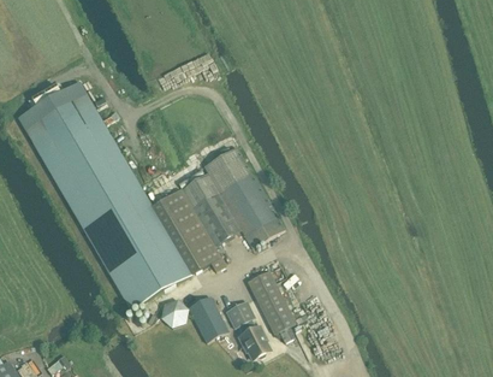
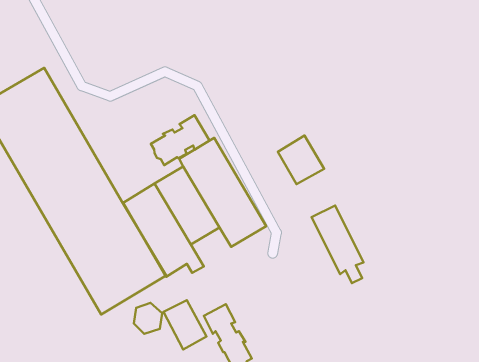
building: none -> [151,115,209,165]
building: none -> [278,136,324,184]
building: [248,270,296,342] -> [312,205,364,283]

